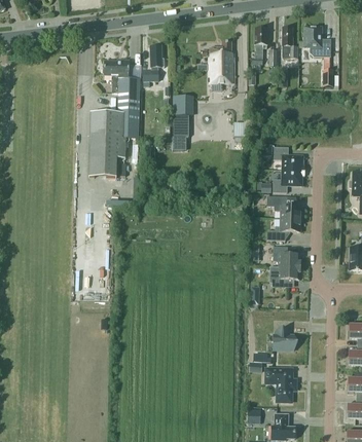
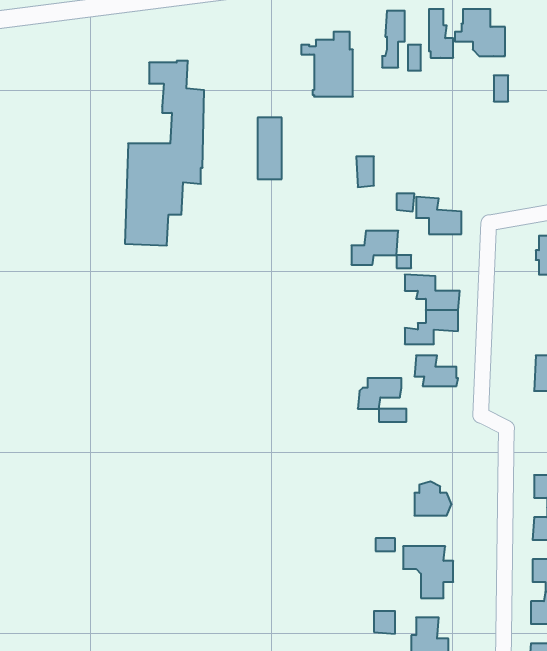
building: [142,45,164,80] -> none
building: [273,170,302,191] -> [351,231,398,265]
building: [272,266,299,286] -> [358,378,401,409]

